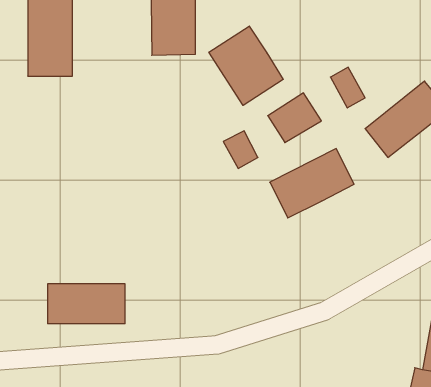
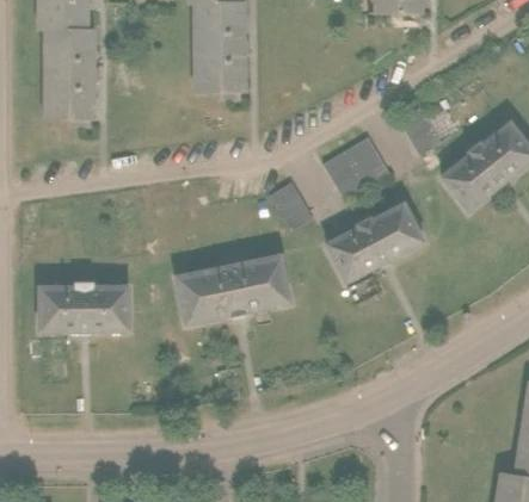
building: [209,26,283,105] -> none
building: none -> [179,253,296,324]
building: [48,284,125,324] -> [44,285,137,333]

